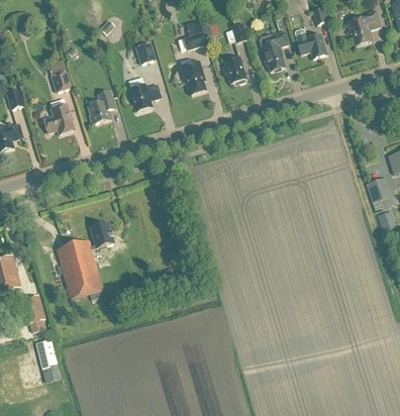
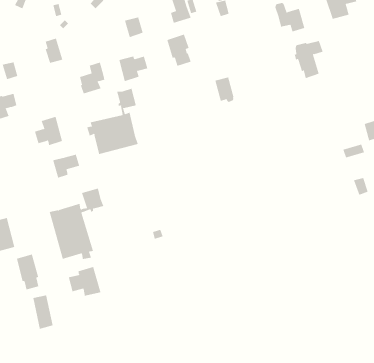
building: [258,30,289,71] -> [294,40,323,79]
building: [224,56,245,83] -> [214,77,235,103]
building: [43,102,74,133] -> [34,116,63,146]
building: none -> [86,88,138,155]
building: none -> [52,154,80,178]
building: none -> [68,266,101,296]

